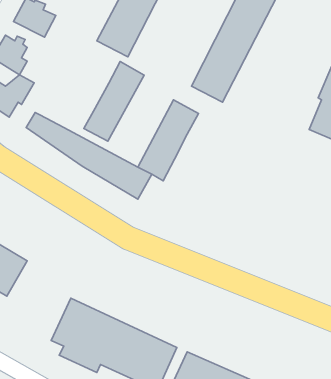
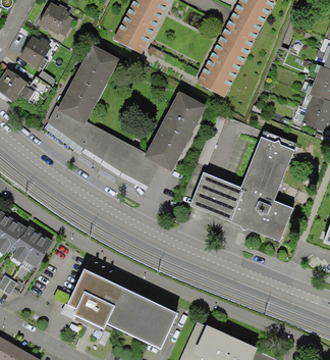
building: [84,61,144,141] -> [61,48,115,119]
building: none -> [187,134,291,237]

